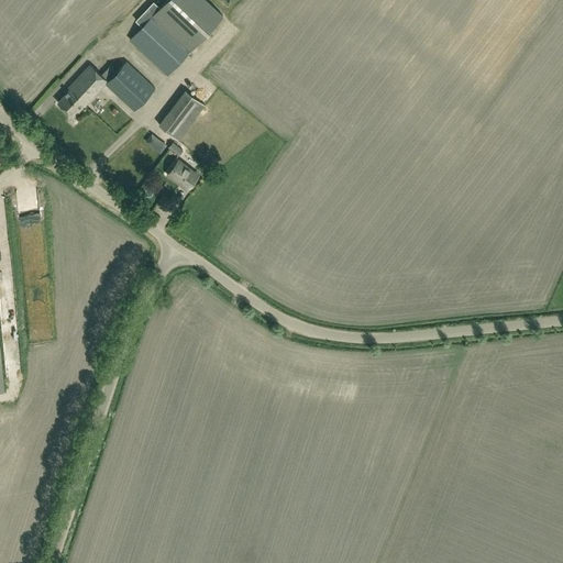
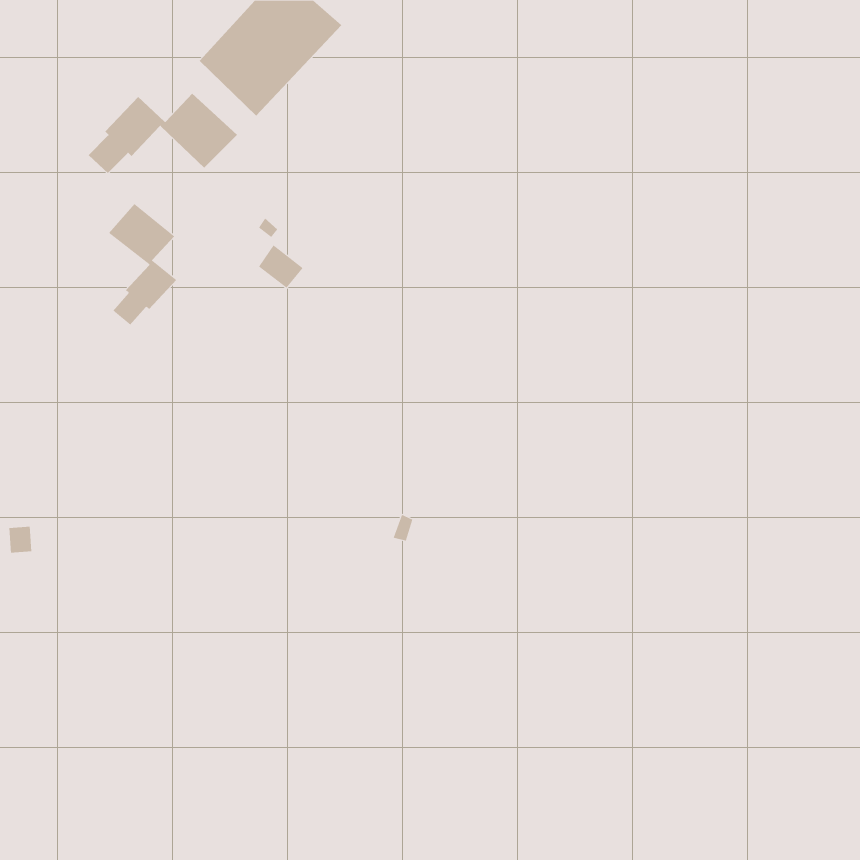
building: [161,90,205,141] -> none
building: none -> [108,203,177,326]

